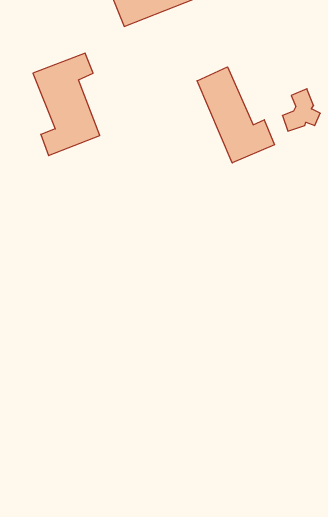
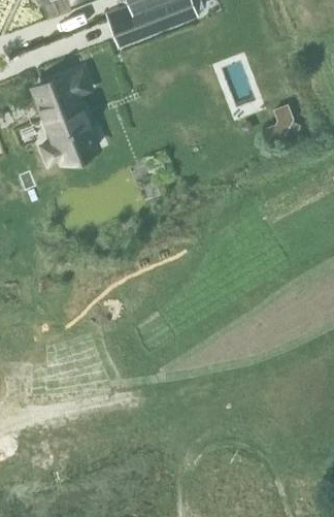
building: [197,67,275,163] -> none

